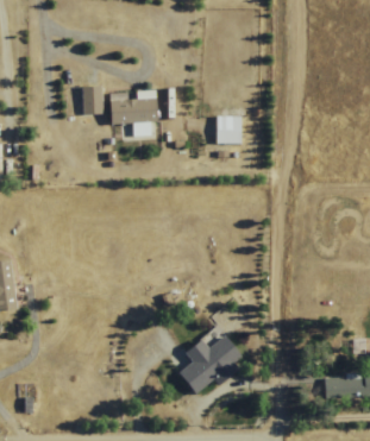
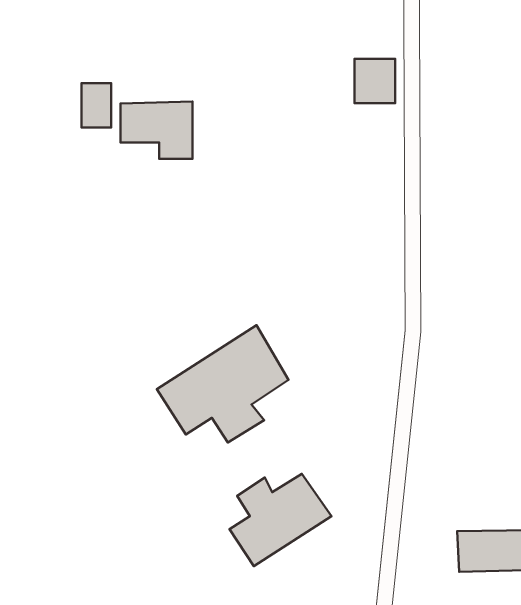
building: [217,114,243,143] -> [355,59,395,103]
building: none -> [157,325,289,443]

